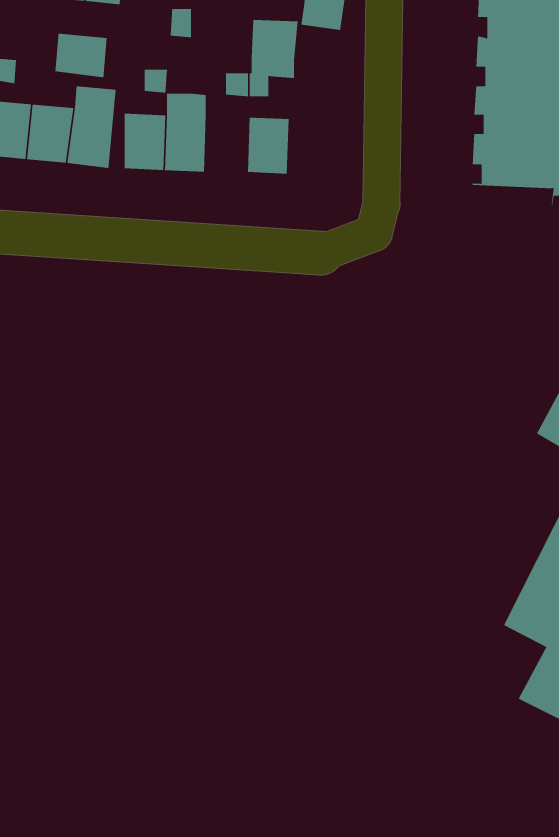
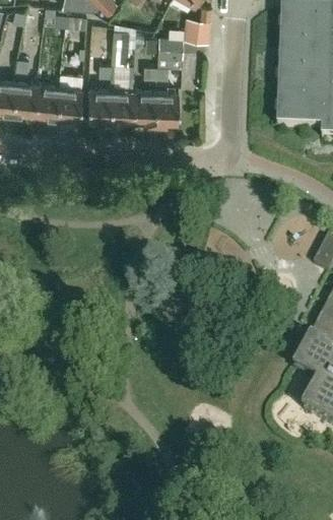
building: [55,33,107,78] -> none
building: none -> [131,91,155,123]

